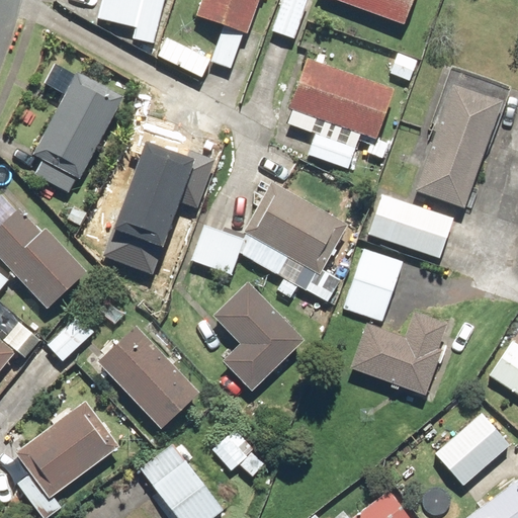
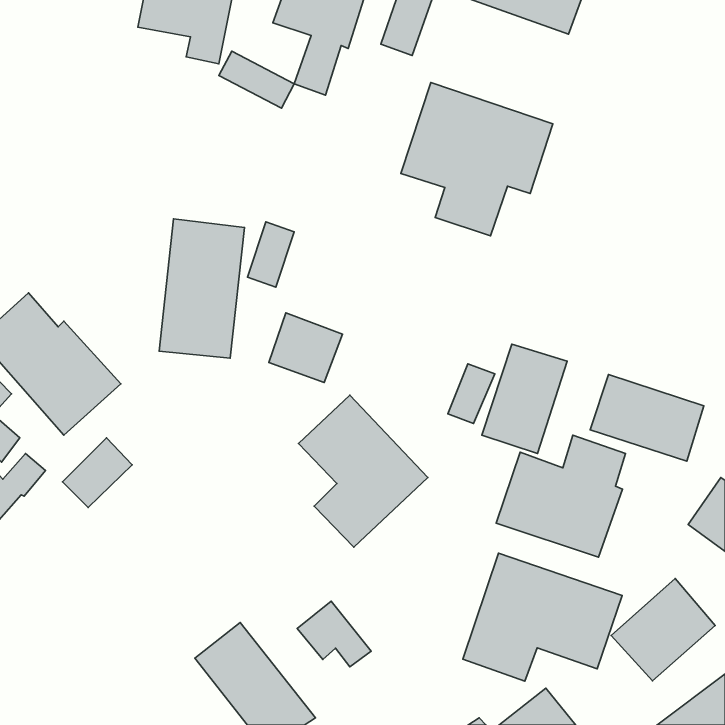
building: [36,71,124,192] -> none
building: [416,84,501,208] -> none
building: [243,181,347,274] -> none
building: [370,196,451,258] -> [590,374,704,461]
building: [100,326,201,429] -> none
building: none -> [463,553,622,681]
building: [17,400,118,497] -> none

